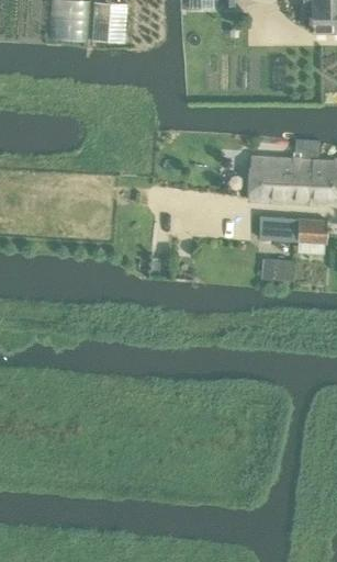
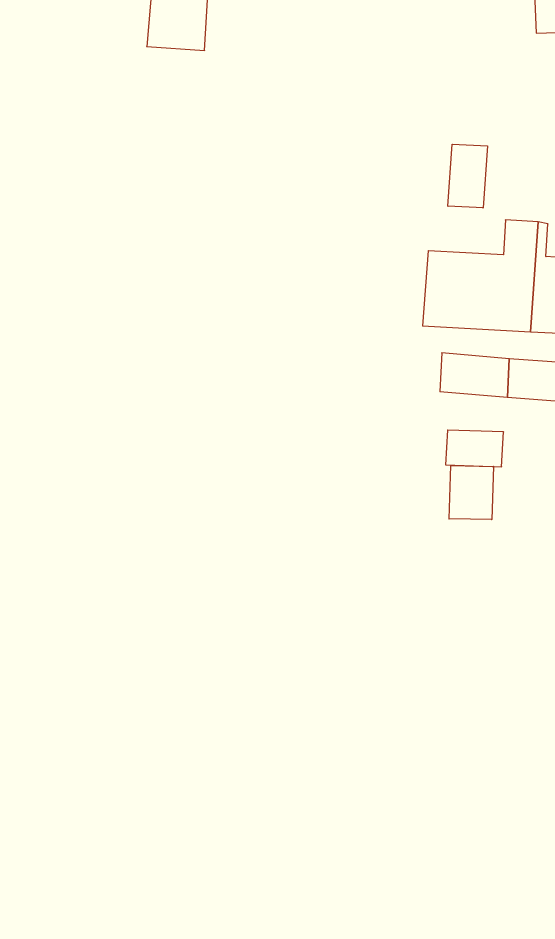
building: none -> [448,144,487,208]
building: none -> [449,466,494,520]

